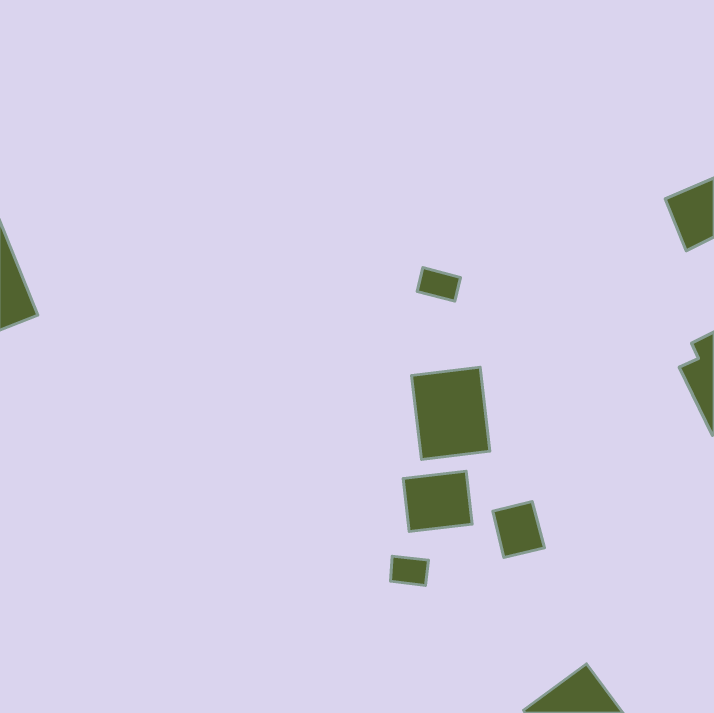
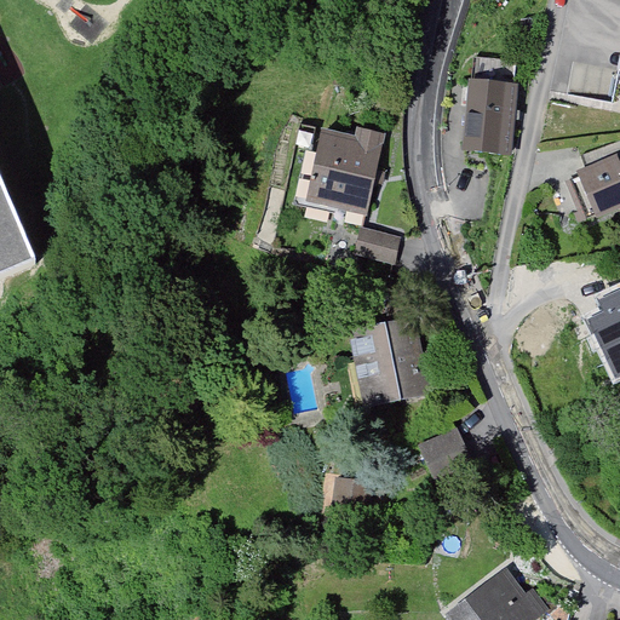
building: none -> [466,58,516,151]
building: none -> [309,128,383,209]
building: [403,471,472,531] -> none

